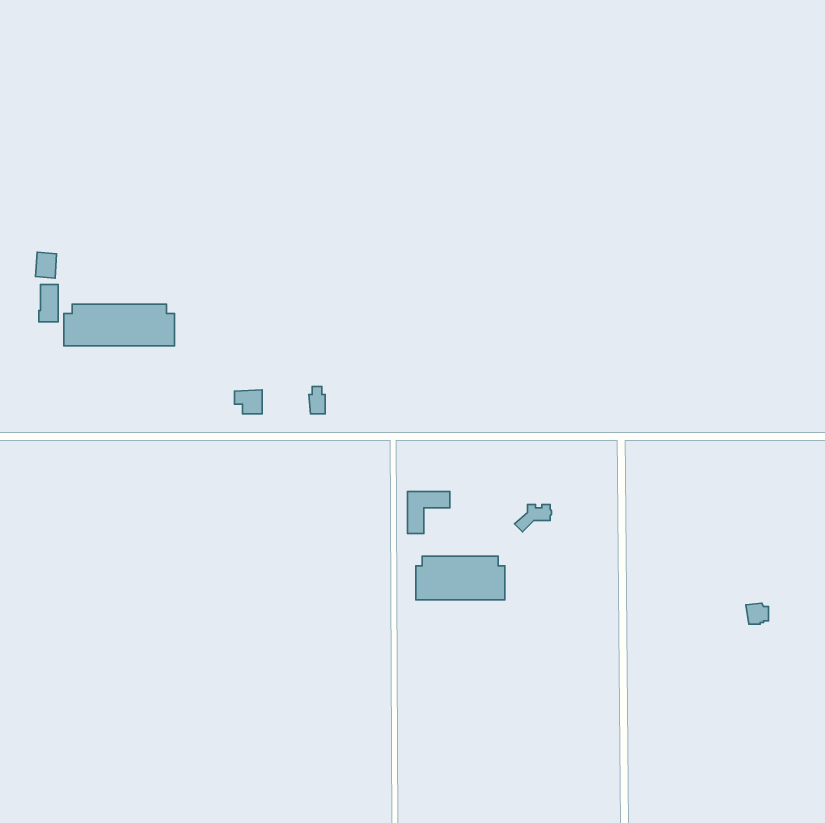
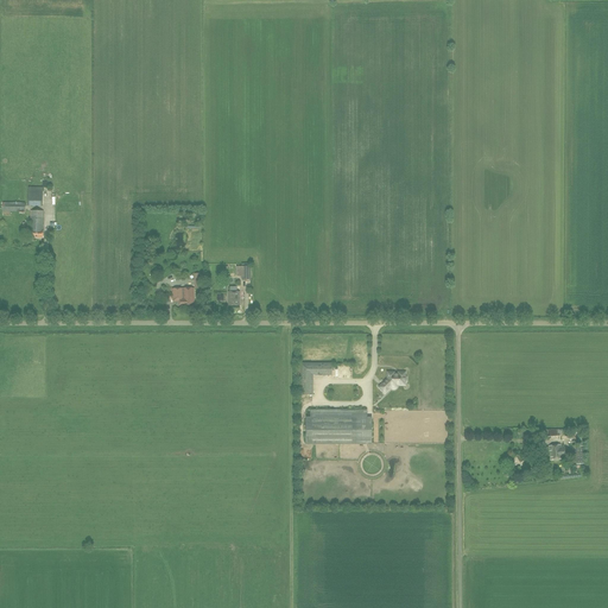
building: [64,304,174,346] -> none

